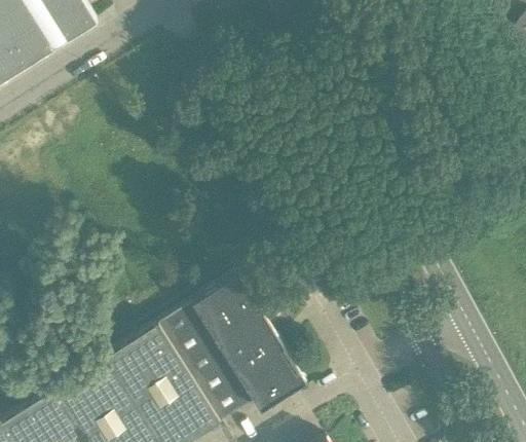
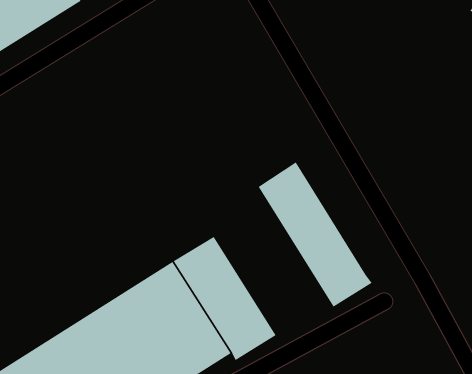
building: none -> [258,162,372,308]

